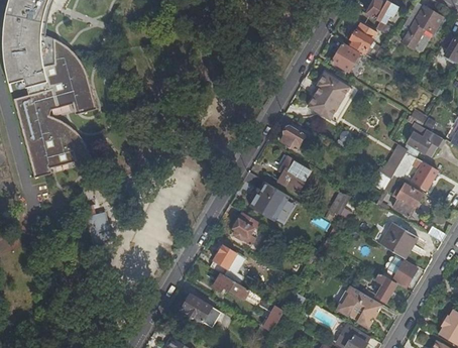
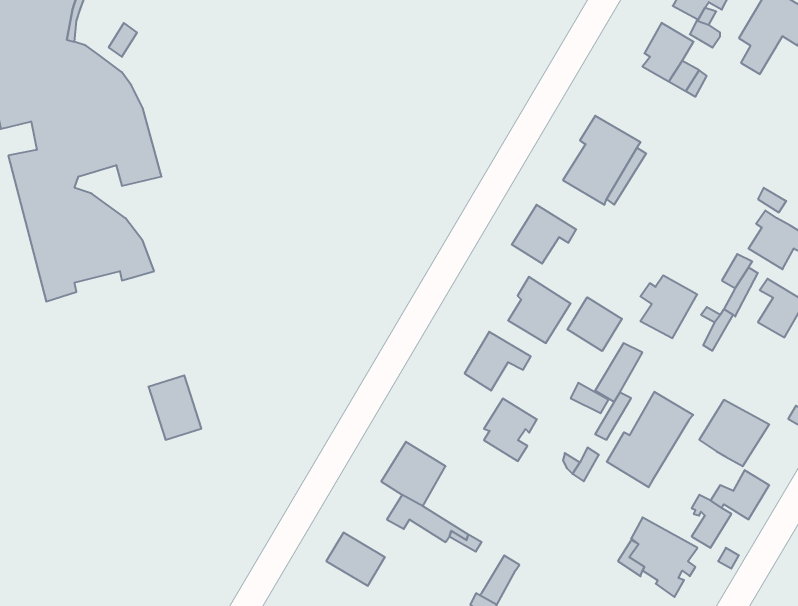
building: [331,43,359,72] -> none
building: none -> [567,297,622,351]
building: [391,184,422,217] -> [640,276,697,338]
building: [232,212,260,245] -> [484,399,537,461]
building: none -> [607,392,693,487]

